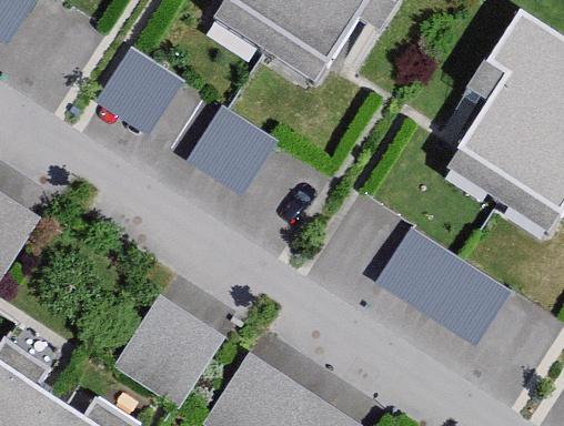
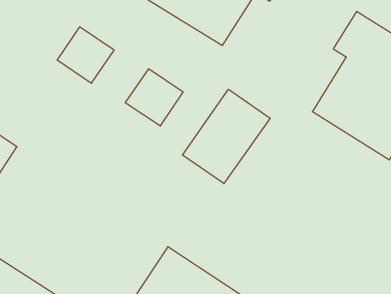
building: none -> [182,89,270,184]
building: [376,226,501,338] -> none
building: [112,293,222,406] -> none

